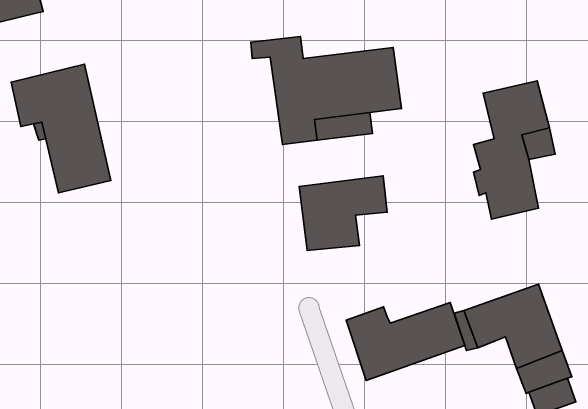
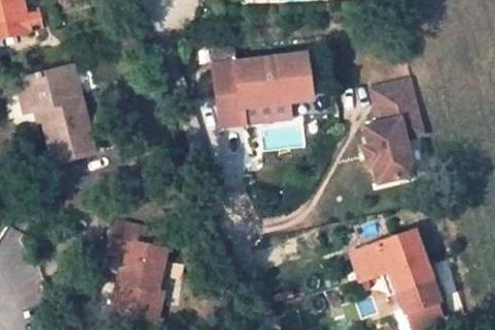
building: [299,176,387,251] -> none
building: none -> [108,221,170,320]
building: [346,303,465,381] -> none

